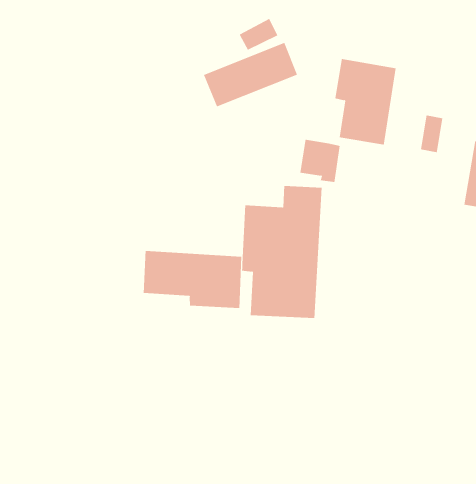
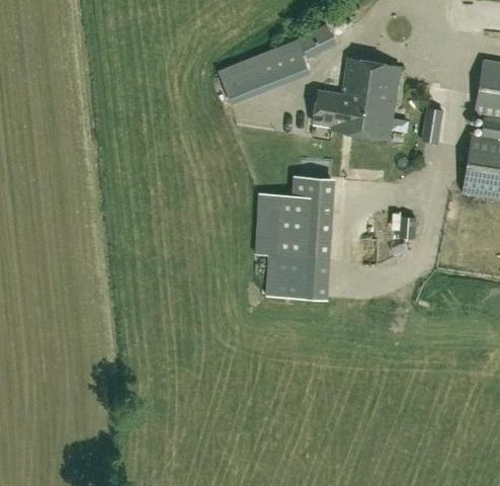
building: [239,18,278,51] -> [300,25,336,56]
building: [299,139,341,183] -> [314,90,352,131]
building: [143,250,242,309] -> none

